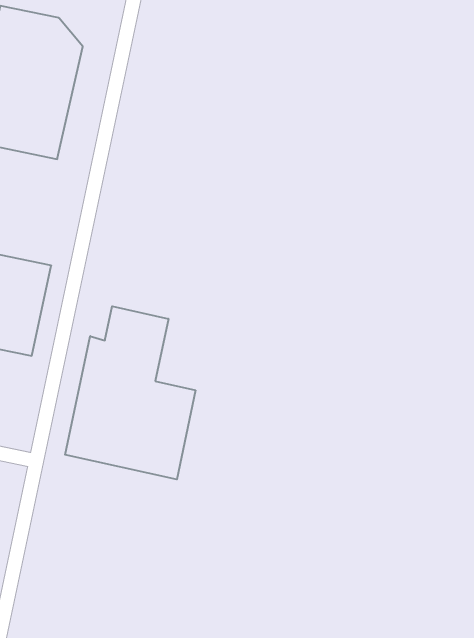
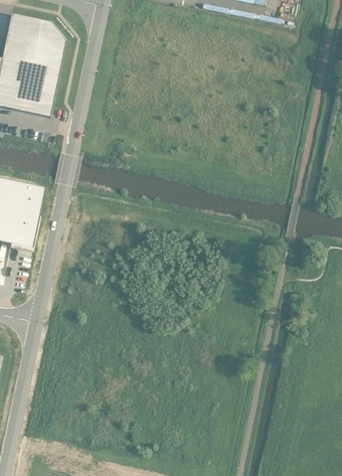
building: [65,306,195,479] -> none

